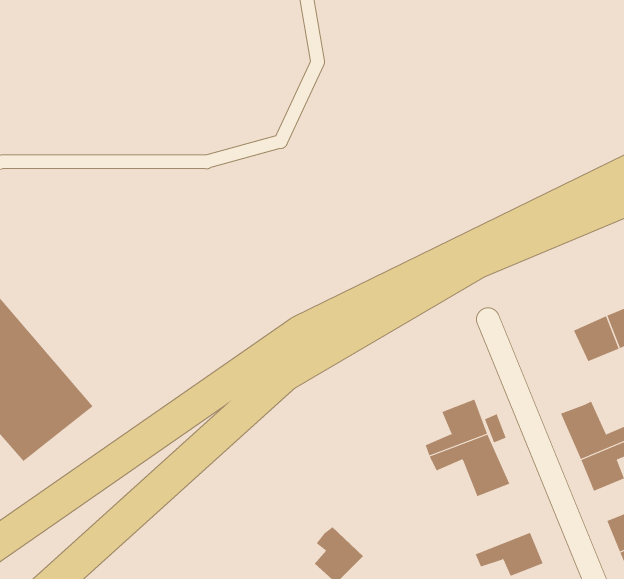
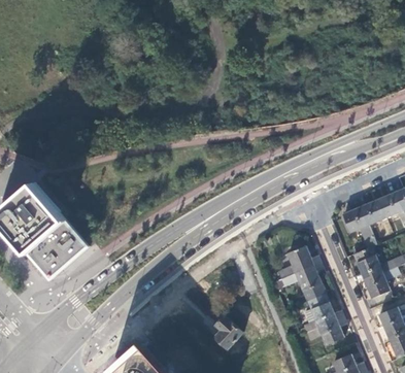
building: none -> [342,208,375,249]
building: none -> [298,294,336,335]

